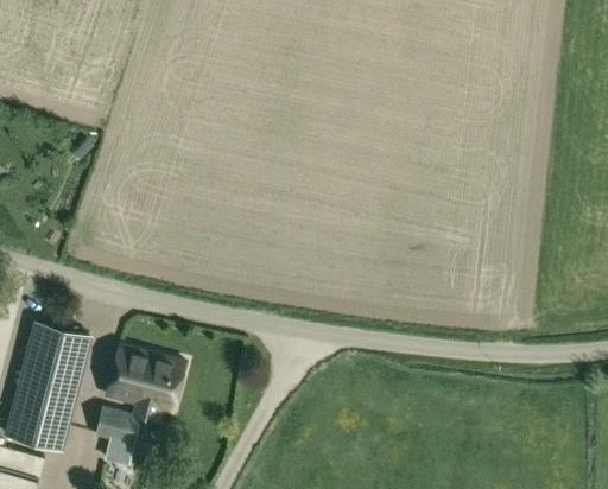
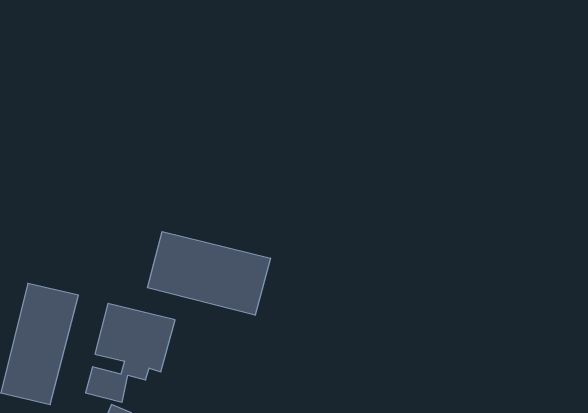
building: none -> [147,232,270,315]

